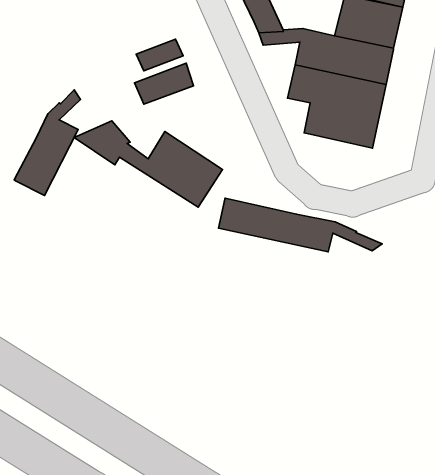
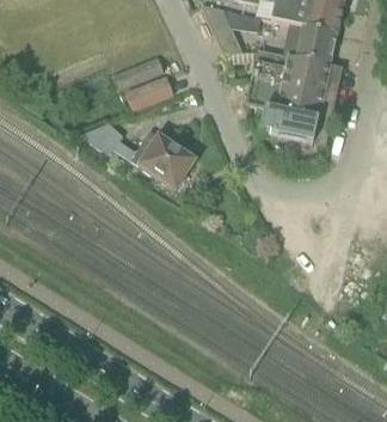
building: [14,90,81,196] -> none
building: [218,198,382,252] -> none

